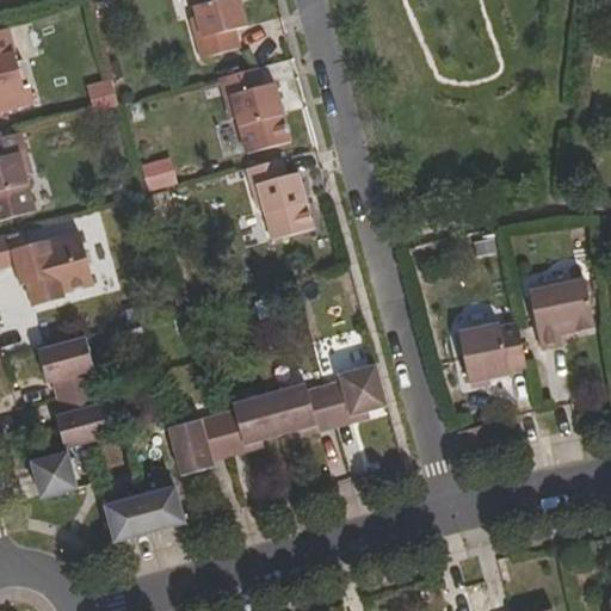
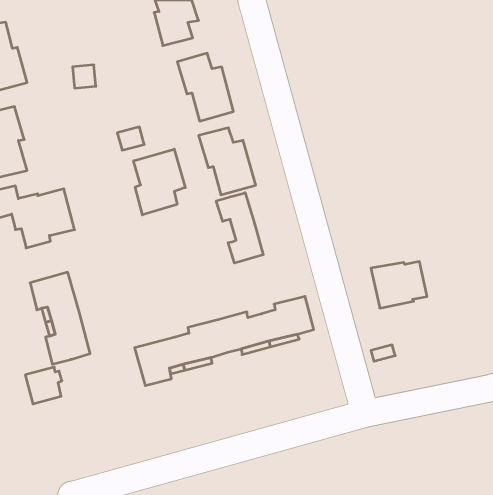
building: none -> [134,149,185,215]
building: none -> [216,193,263,263]
building: [529,280,593,350] -> none
building: [104,486,185,542] -> none

